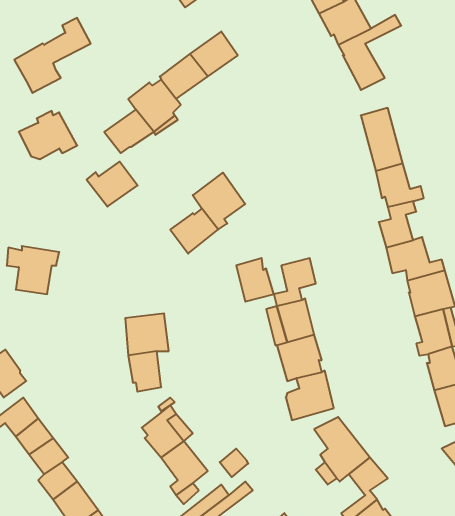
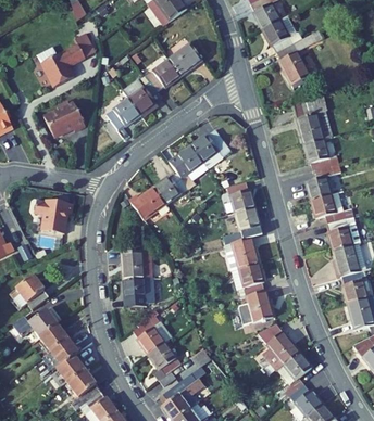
building: none -> [192,129,232,168]
building: [87,162,138,207] -> [130,187,167,219]
building: [236,258,274,302] -> [228,181,255,213]

